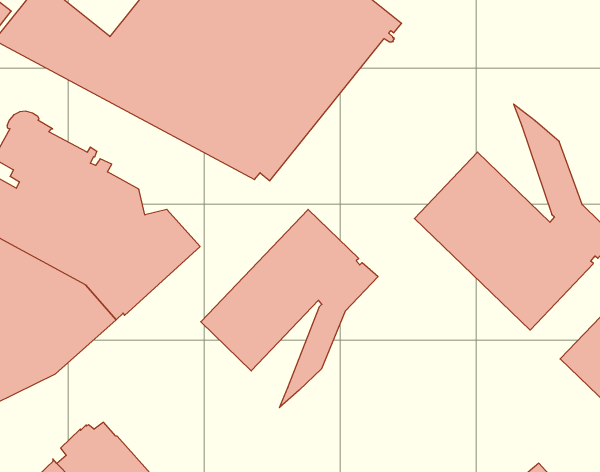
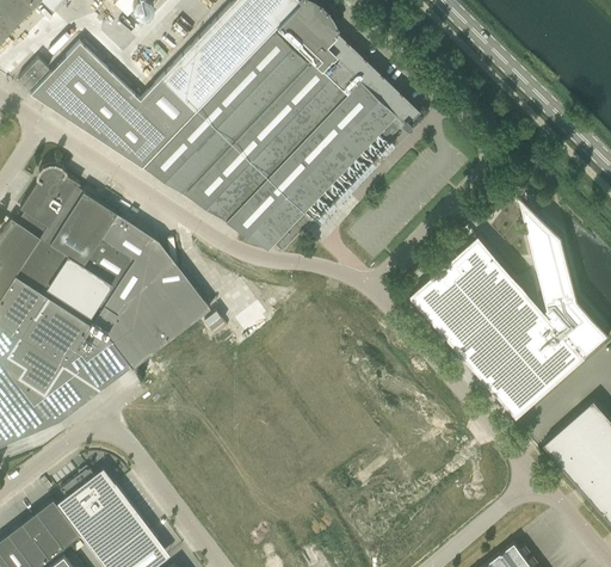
building: [201,209,378,408] -> none

